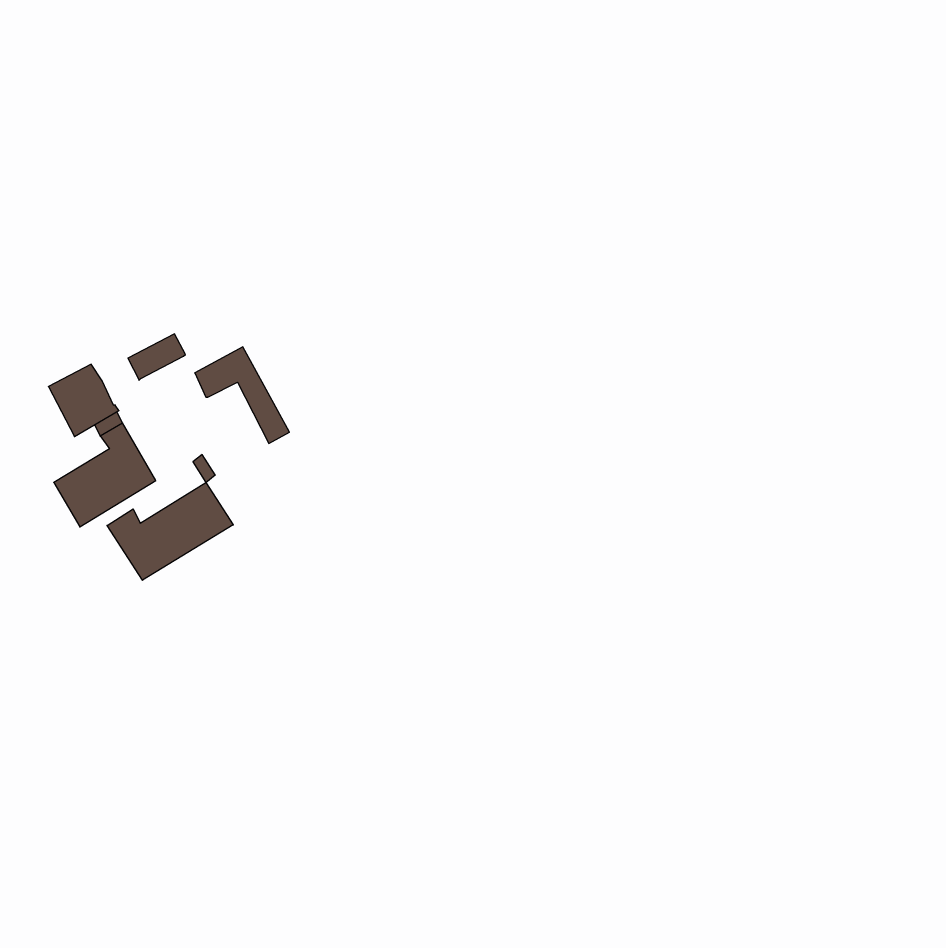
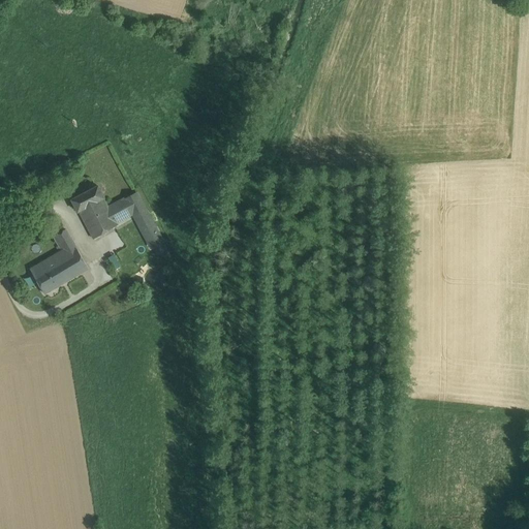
building: [48,364,119,437] -> [79,198,118,239]
building: [107,482,233,580] -> none

